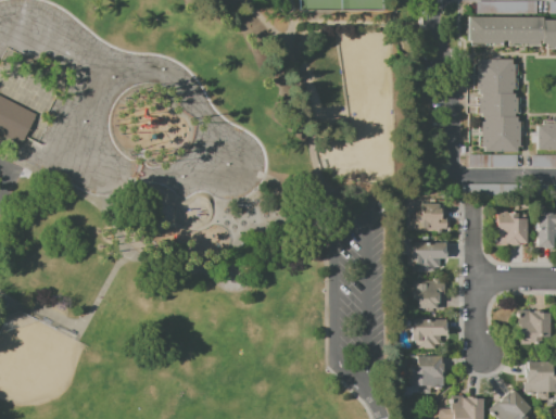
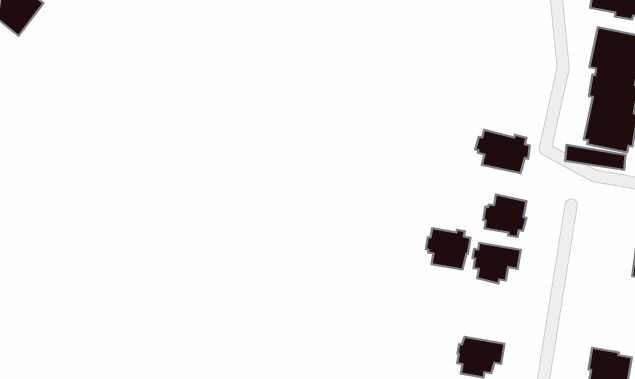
building: none -> [475,130,530,173]
building: [496,211,527,245] -> none
building: [412,278,445,308] -> [426,228,471,269]

